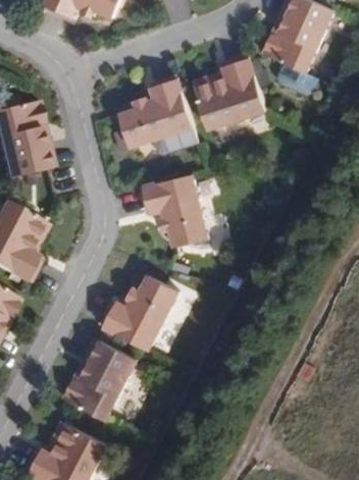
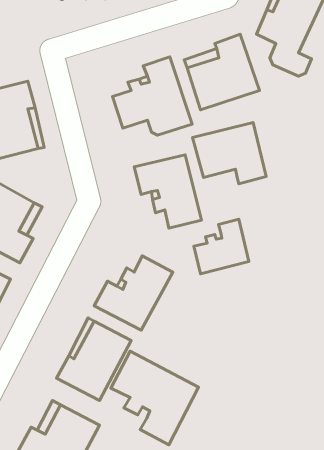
building: none -> [193,122,266,184]
building: none -> [194,219,249,274]
building: none -> [111,351,198,445]

